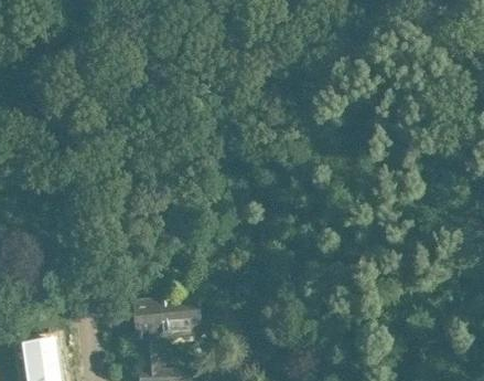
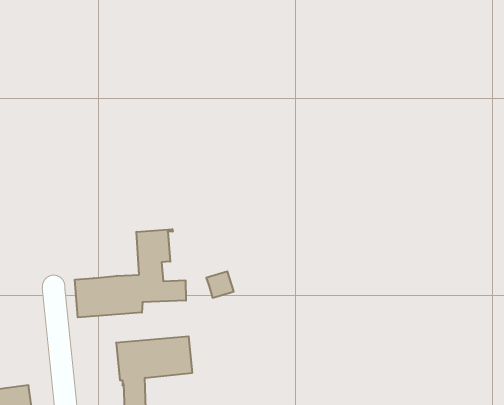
building: none -> [75,229,186,317]

